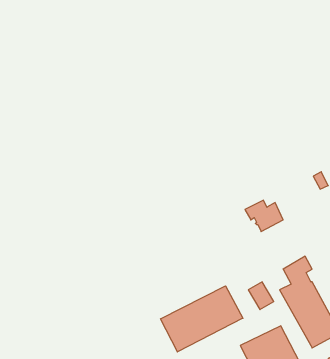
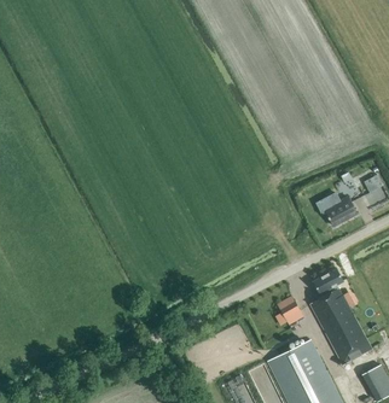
building: [245,200,283,232] -> [315,193,355,226]
building: [161,286,243,352] -> none

